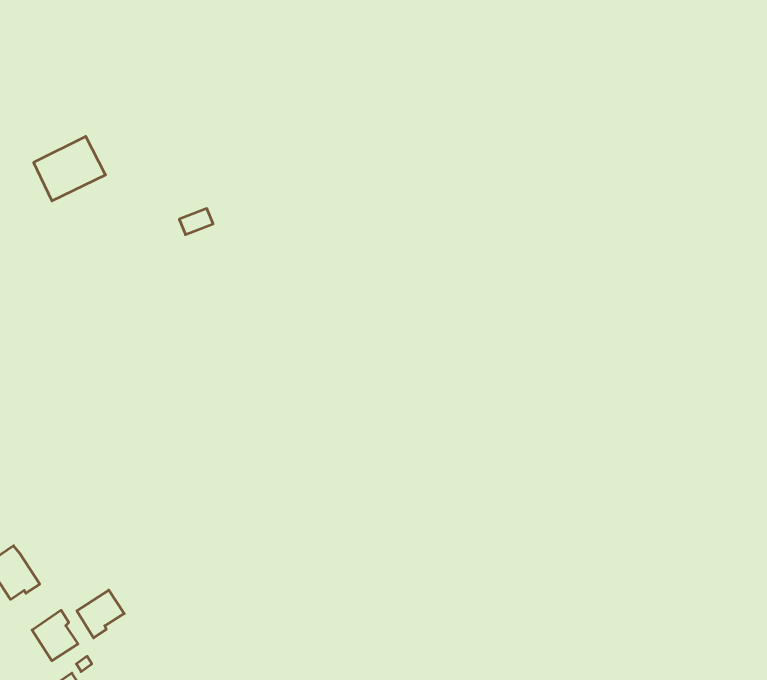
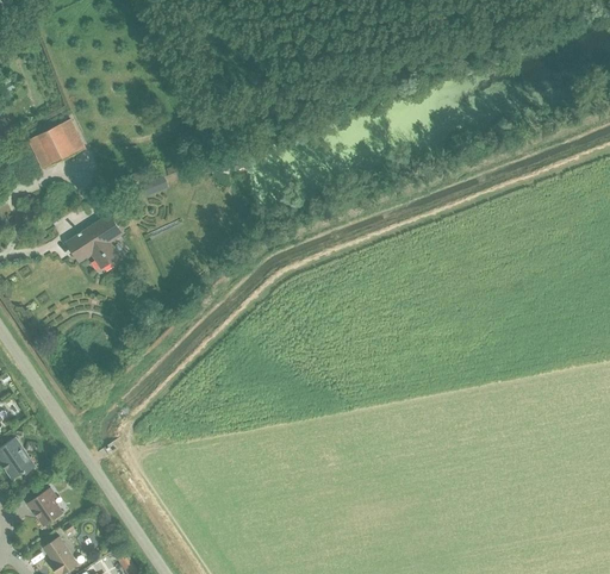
building: none -> [67,214,122,268]
building: [77,590,124,638] -> none

